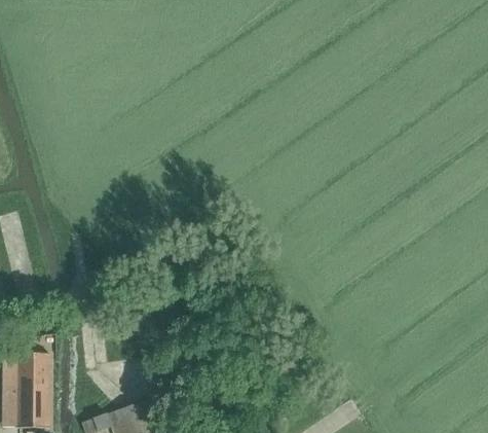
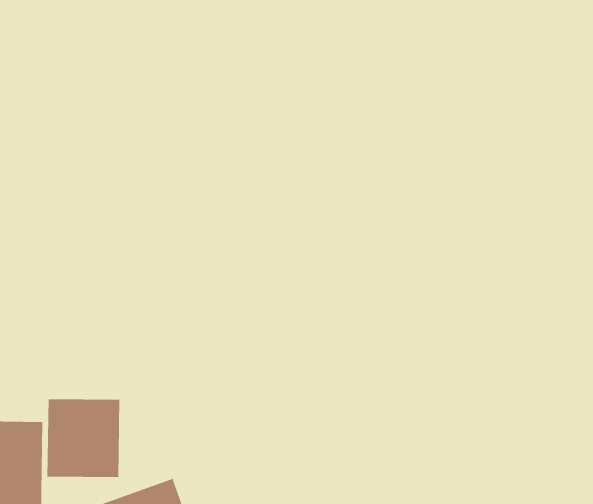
building: none -> [47,399,120,478]

